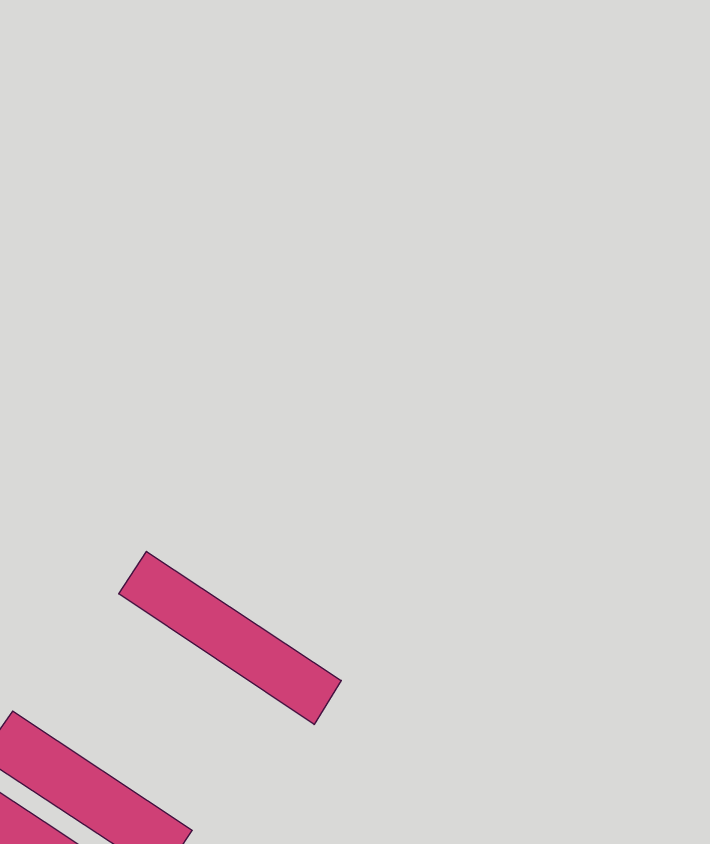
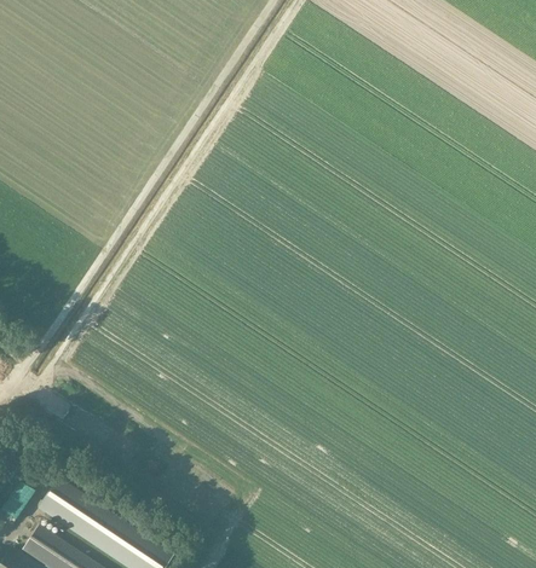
building: [119,551,341,725] -> none

